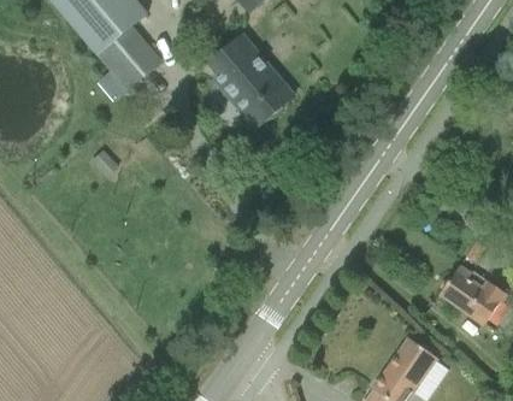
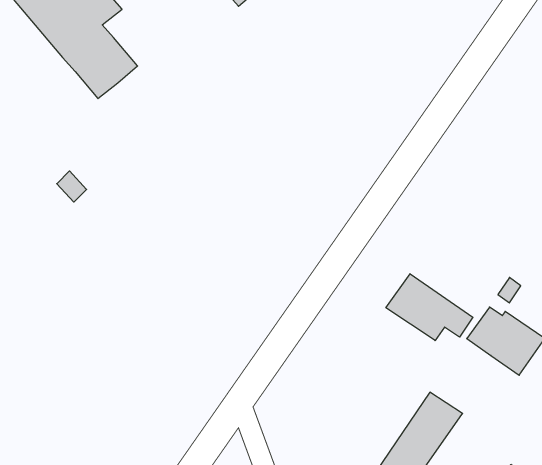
building: [210,34,293,122] -> none
building: none -> [386,274,473,341]

